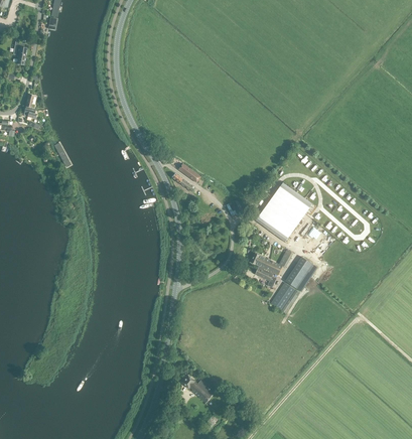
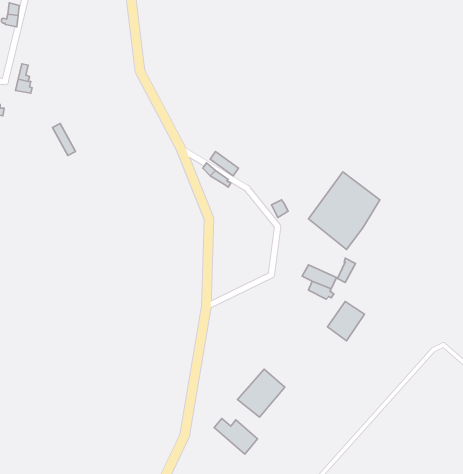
building: [284,256,317,291] -> none
building: none -> [238,369,285,417]

